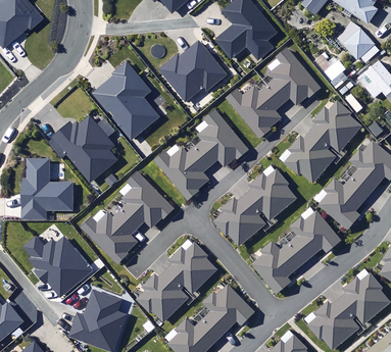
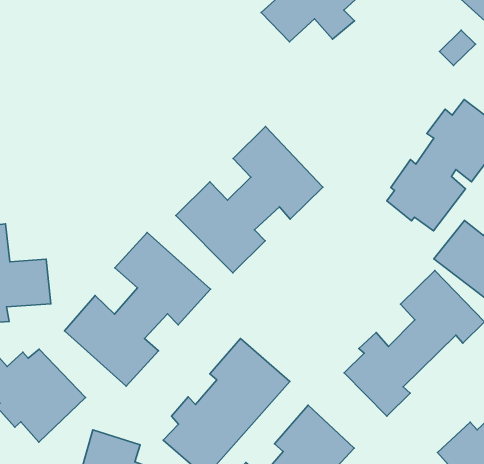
building: [160,42,228,101] -> none
building: [228,49,322,139] -> none
building: [95,62,160,140] -> none
building: [55,115,118,182] -> none
building: [213,165,298,248] -> none

